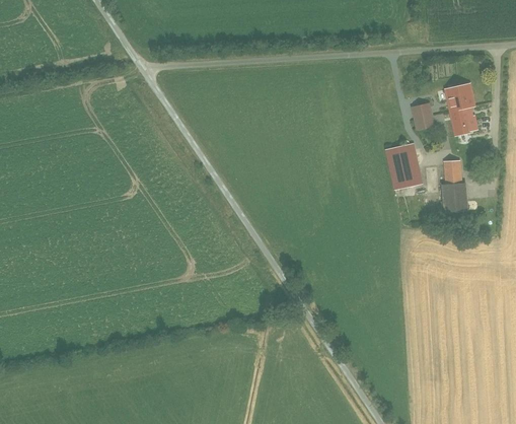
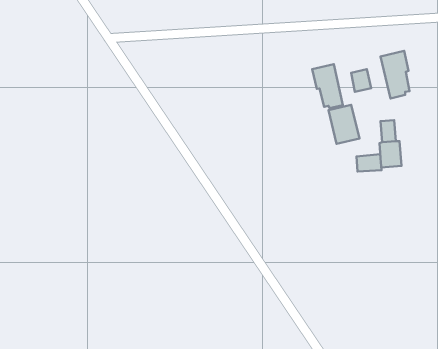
building: none -> [312,64,343,108]
building: none -> [357,154,381,172]

